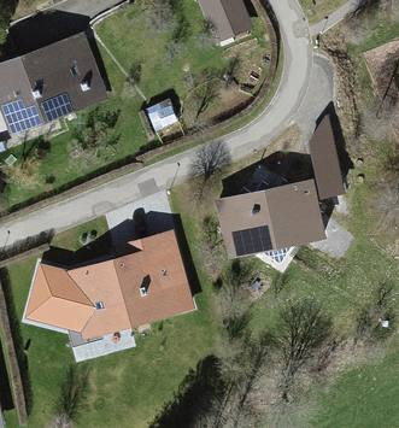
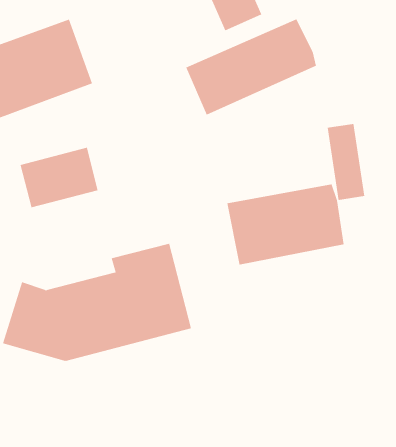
building: none -> [186,18,317,116]
building: none -> [20,147,98,208]

